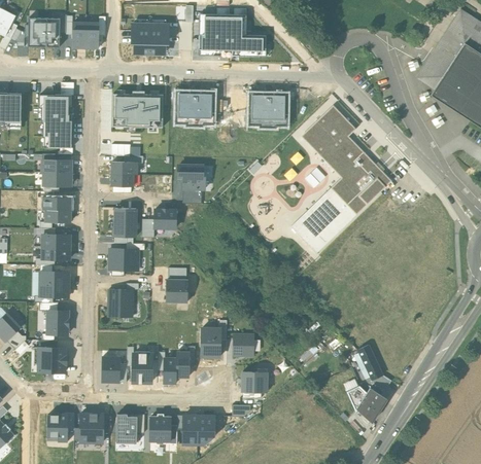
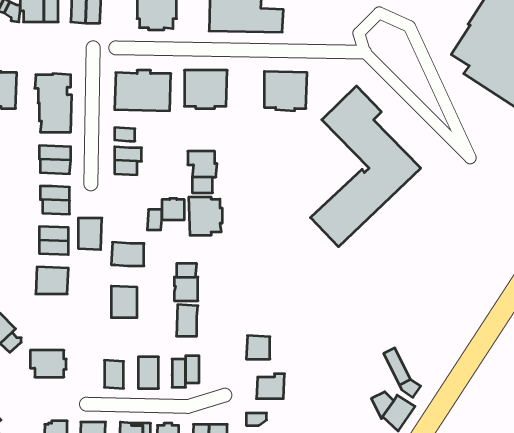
building: none -> [189,197,222,235]
building: [114,208,136,237] -> [78,218,102,250]
building: [46,310,68,333] -> none
building: [201,327,220,356] -> [176,305,198,336]

